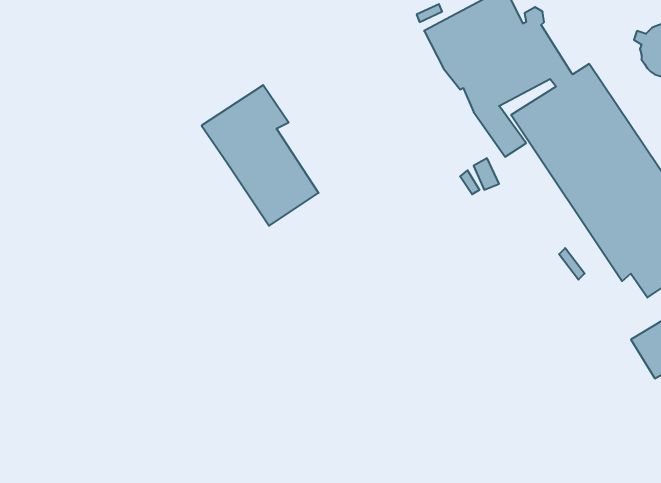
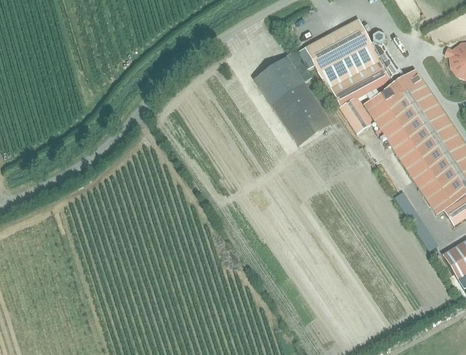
building: [202,85,319,226] -> [254,52,332,146]

